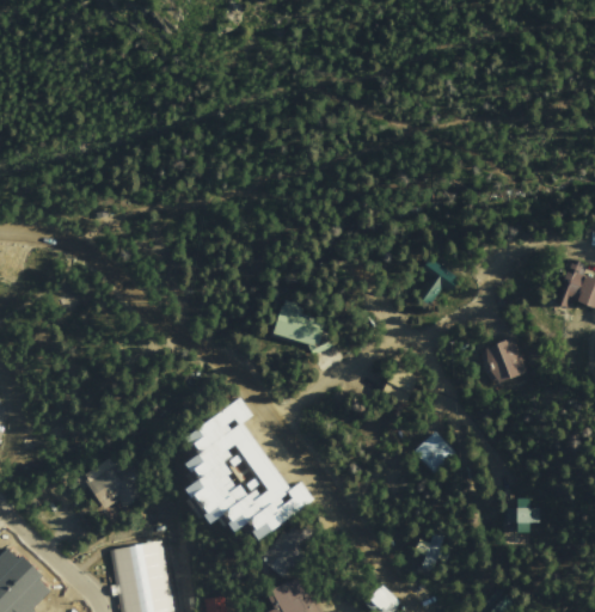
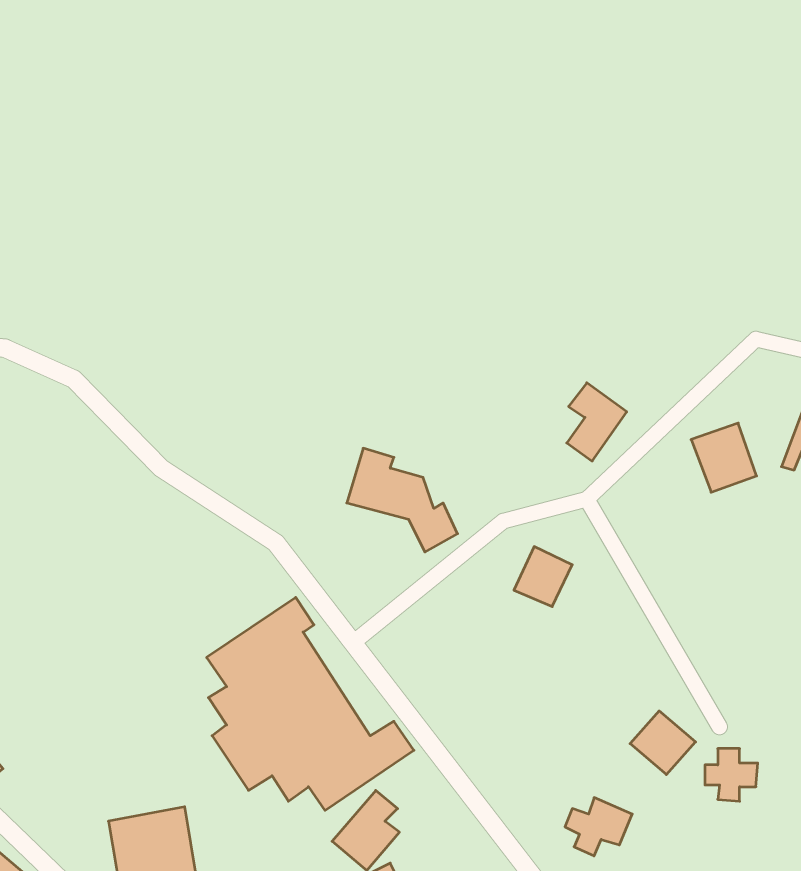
building: [483,338,526,384] -> [691,423,757,492]
building: [413,433,456,475] -> [630,711,696,775]
building: [81,460,145,512] -> none

